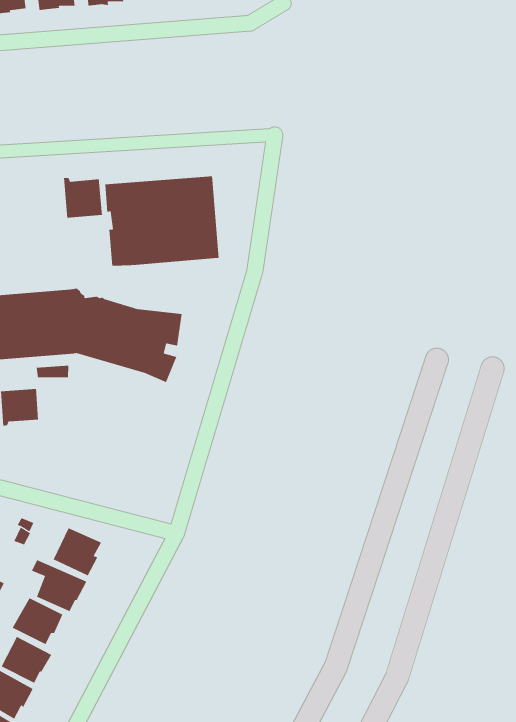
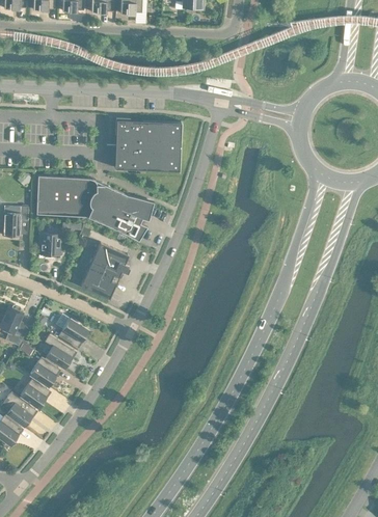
building: [63,177,103,218] -> none
building: none -> [80,243,128,299]

